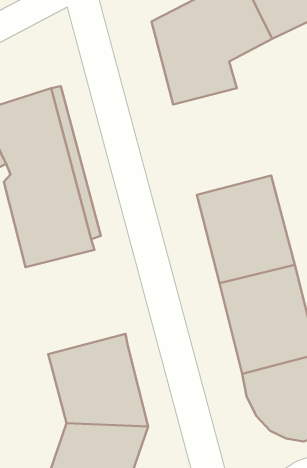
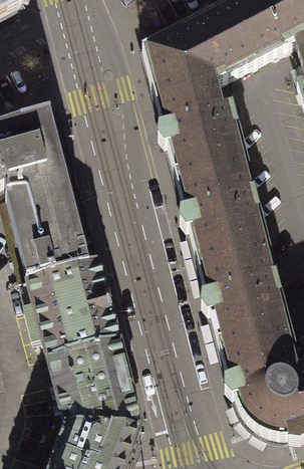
building: none -> [163,100,254,203]
building: none -> [25,252,118,351]

